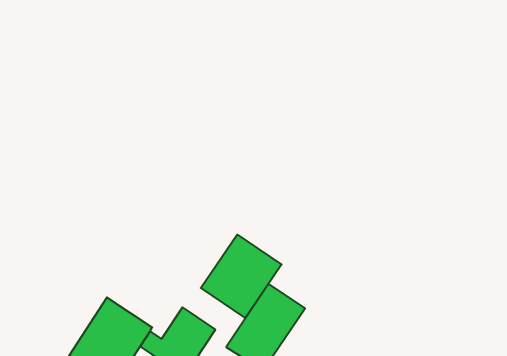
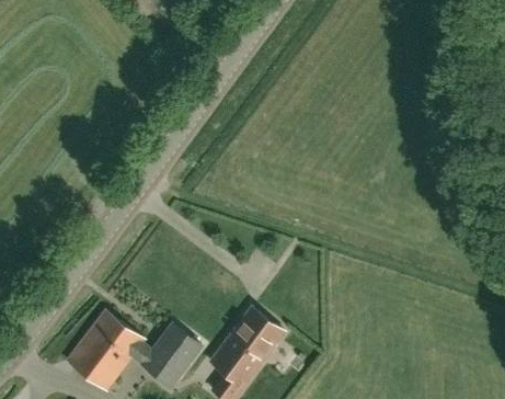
building: [201,235,282,318] -> none

